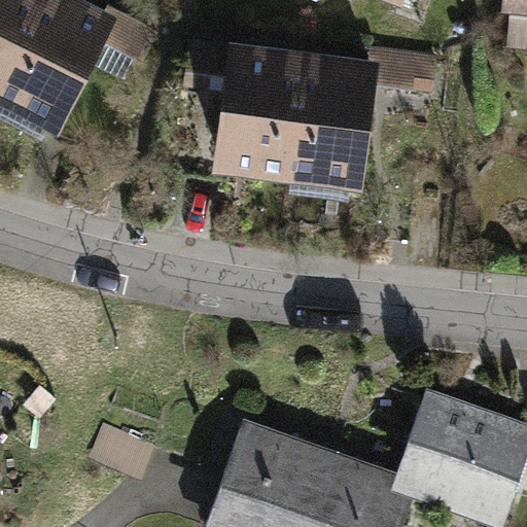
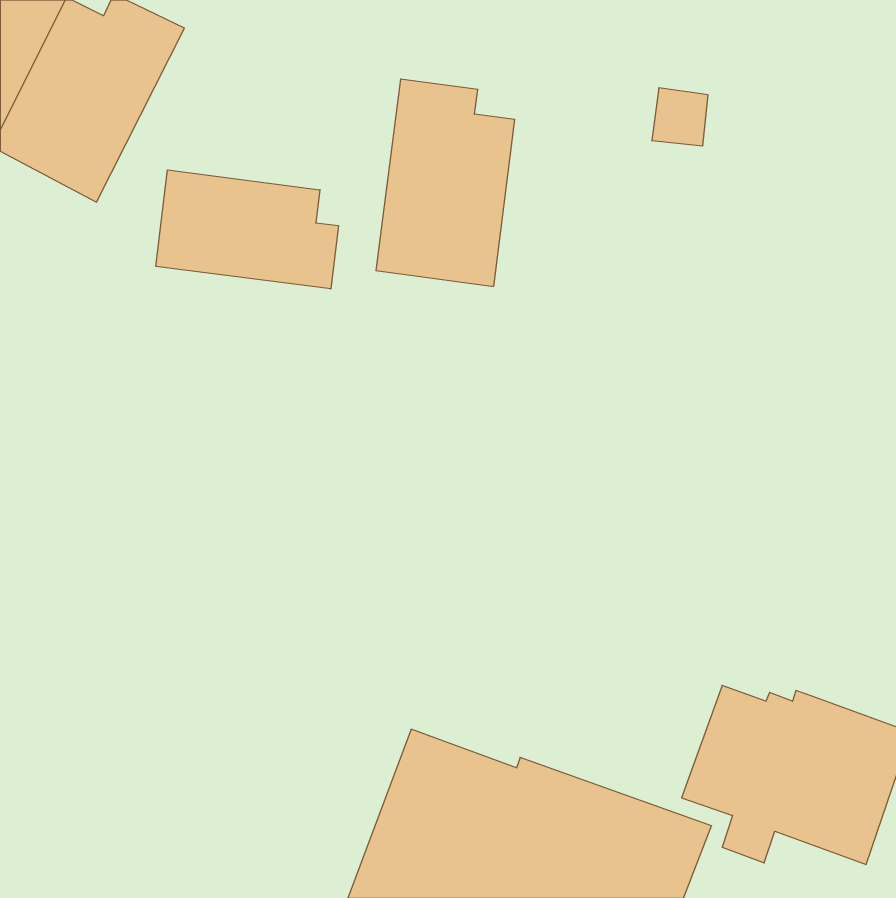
building: [290,59,374,177] -> none
building: none -> [156,170,338,289]

